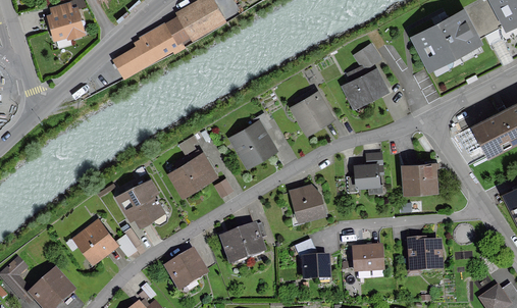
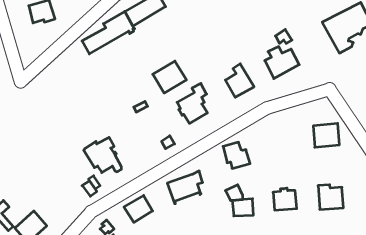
building: none -> [153,61,186,93]
building: [172,150,212,192] -> none
building: [347,153,383,192] -> none
building: [77,222,113,259] -> none

